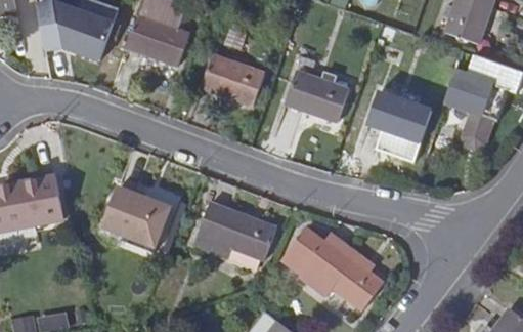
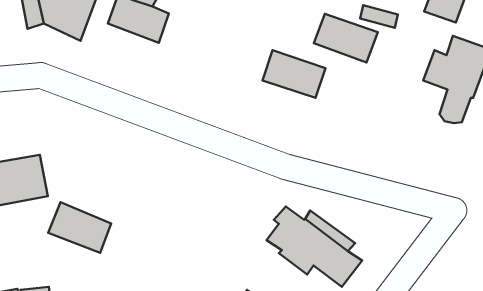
building: [201,56,263,106] -> none
building: [363,92,428,141] -> [314,14,378,63]
building: [102,188,166,239] -> [48,202,111,253]
building: [193,203,273,259] -> none

